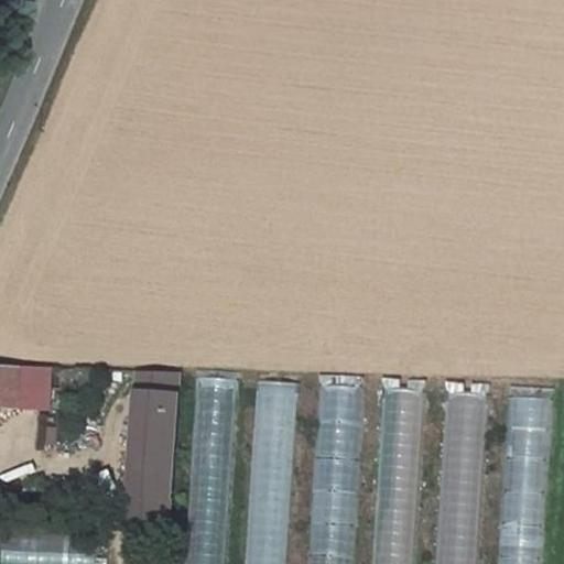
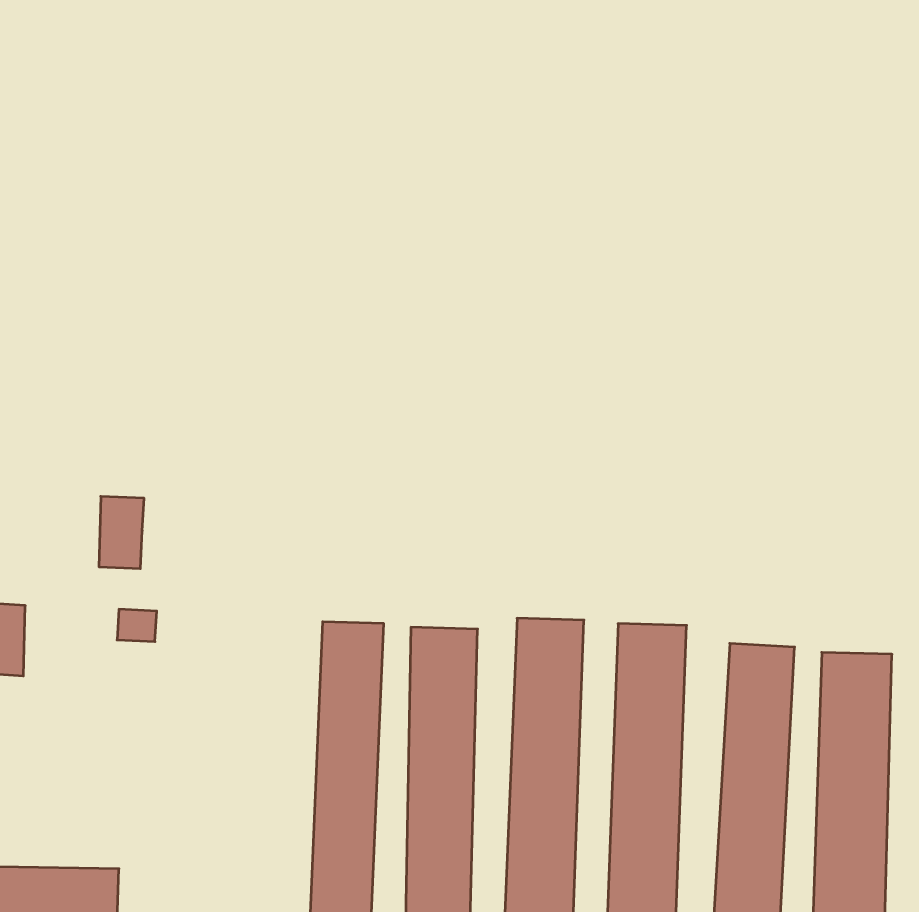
building: [14,376,42,420] -> [99,496,144,569]
building: [124,382,181,534] -> none

